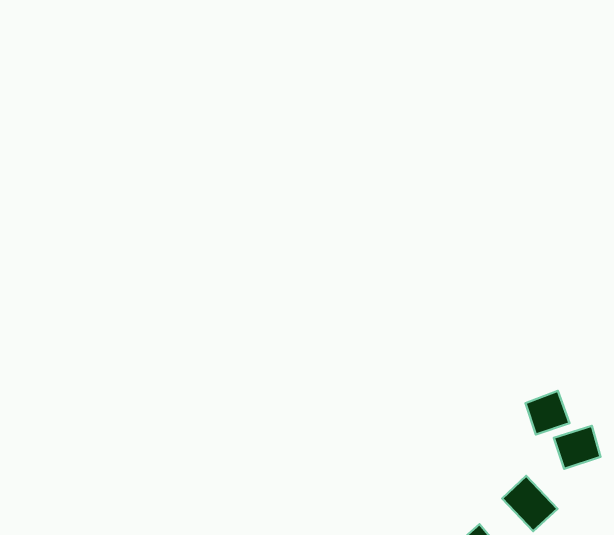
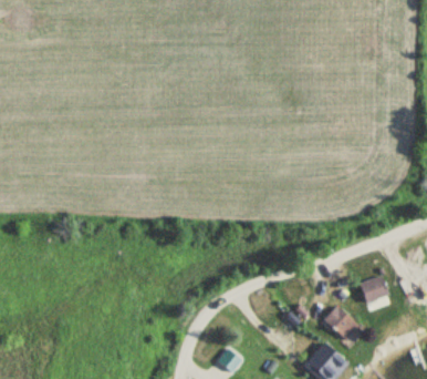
building: [525,391,569,434] -> none

